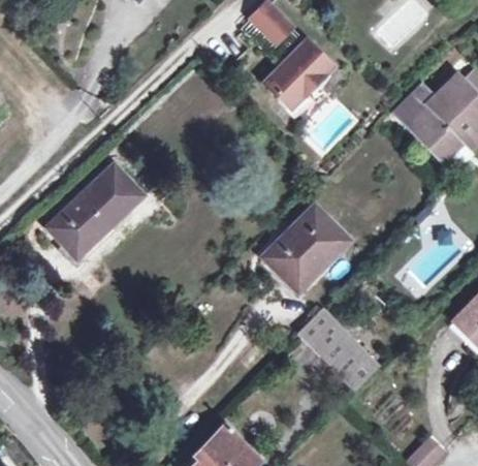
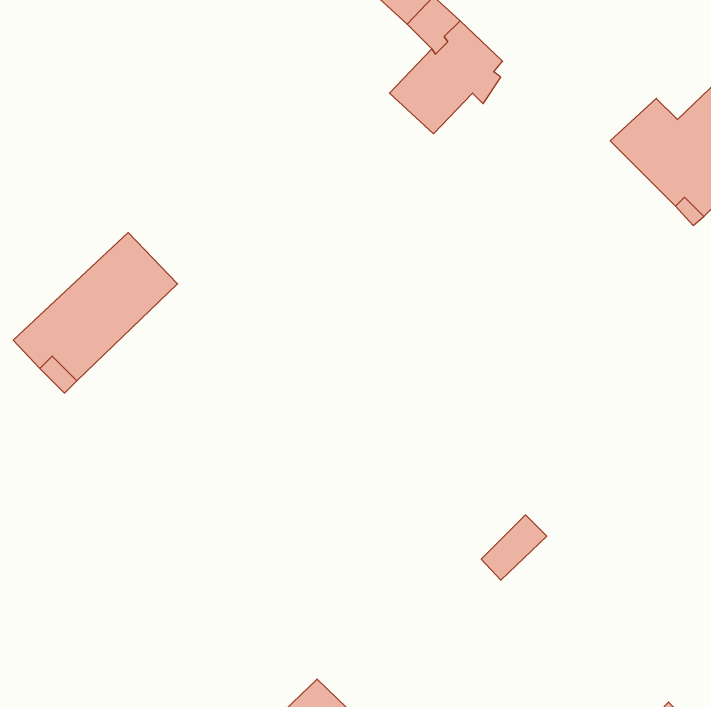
building: [263,207,348,288] -> none
building: [296,307,345,355] -> none
building: [330,342,380,392] -> none

